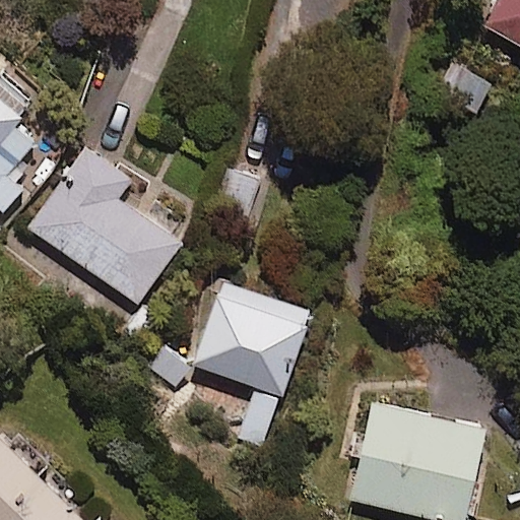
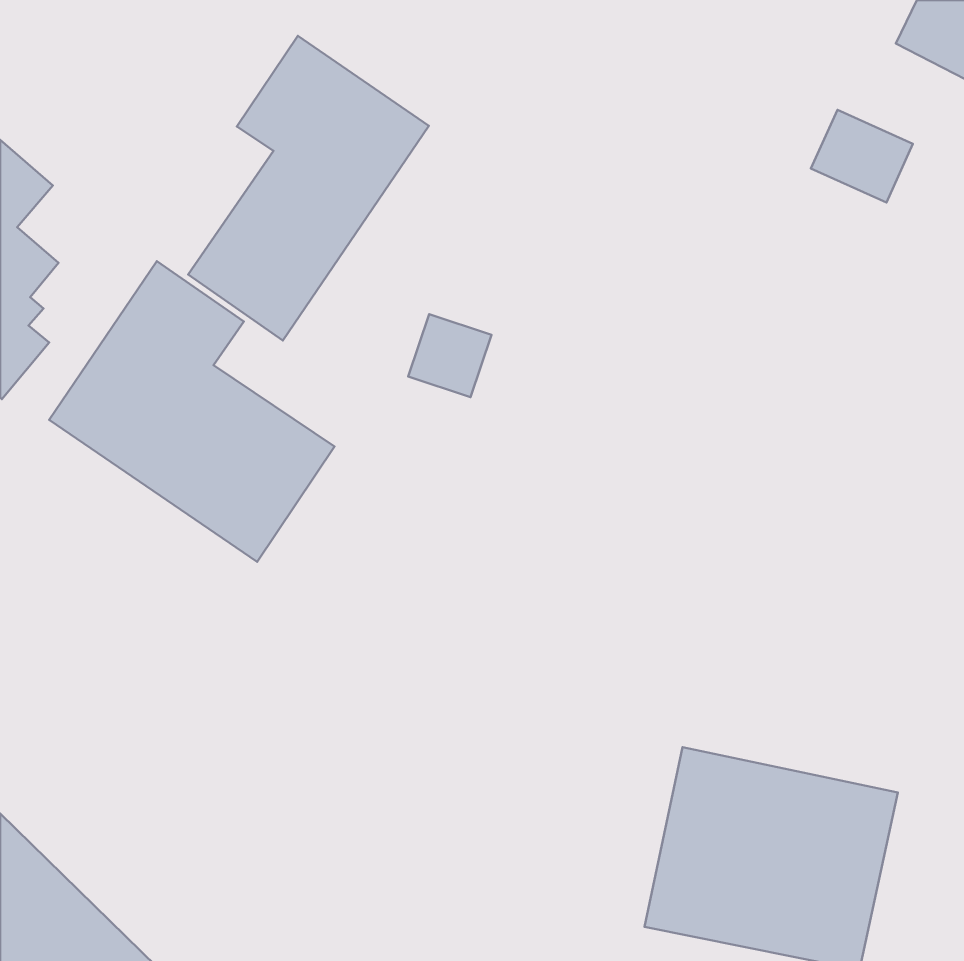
building: none -> [188,36,429,340]
building: [191,282,310,447] -> none

